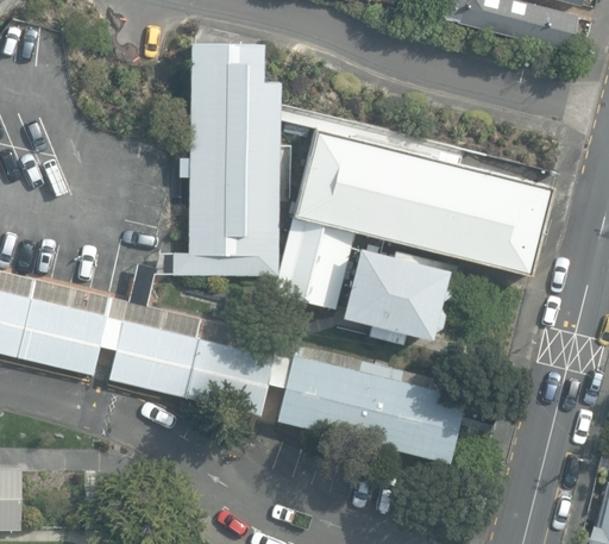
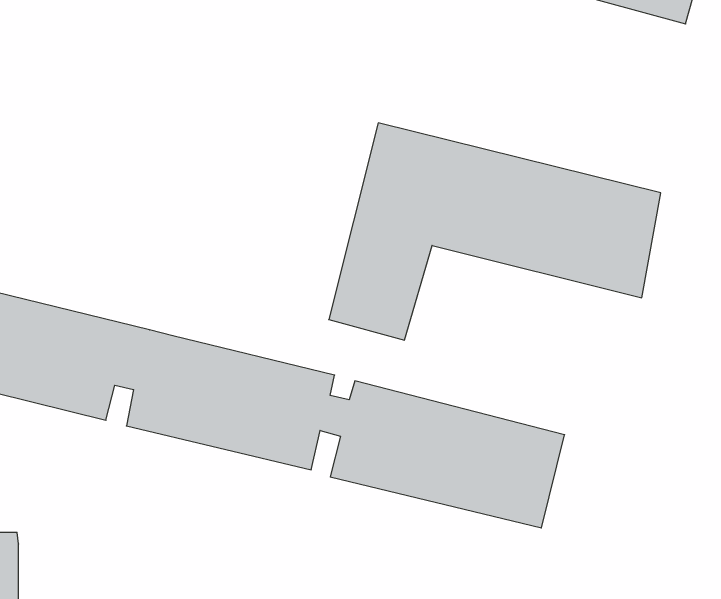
building: [174,43,278,275] -> none
building: [343,249,454,343] -> none

